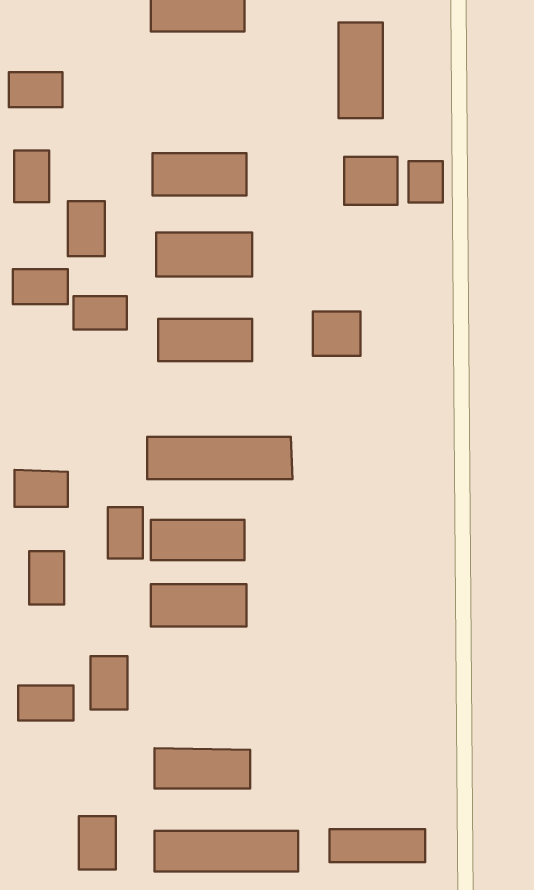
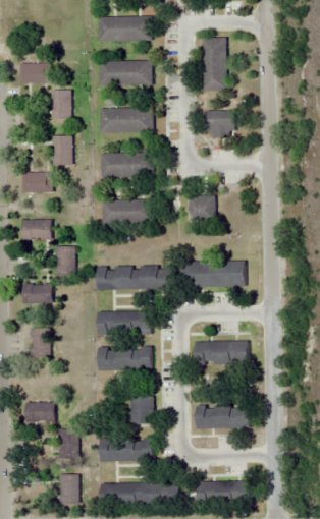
building: none -> [99,61,151,84]
building: [14,150,49,202] -> [51,91,70,119]
building: [408,161,443,203] -> none
building: [74,296,127,329] -> [21,221,51,239]
building: none -> [181,261,244,287]
building: [108,507,143,559] -> [55,247,74,276]
building: none -> [194,341,248,365]
building: [91,656,127,710] -> [58,429,78,459]
building: none -> [129,397,153,424]
building: none -> [196,405,249,428]

